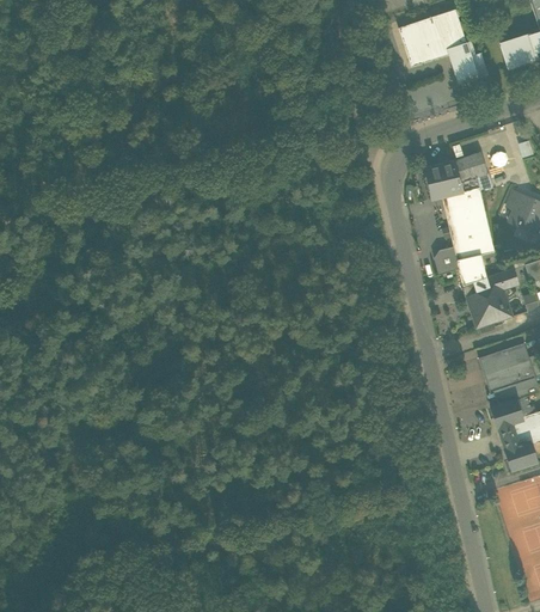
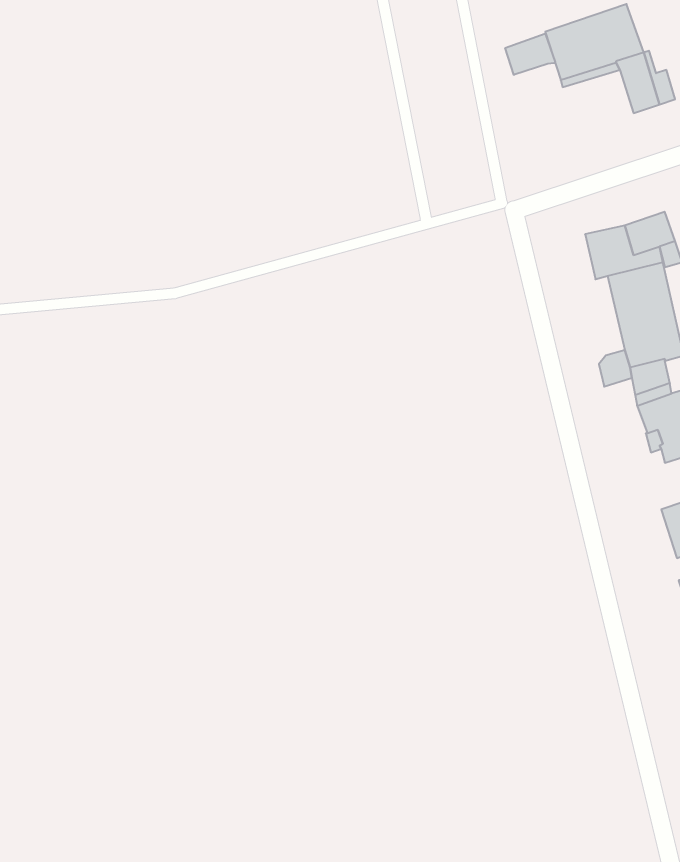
building: none -> [505,34,555,75]

